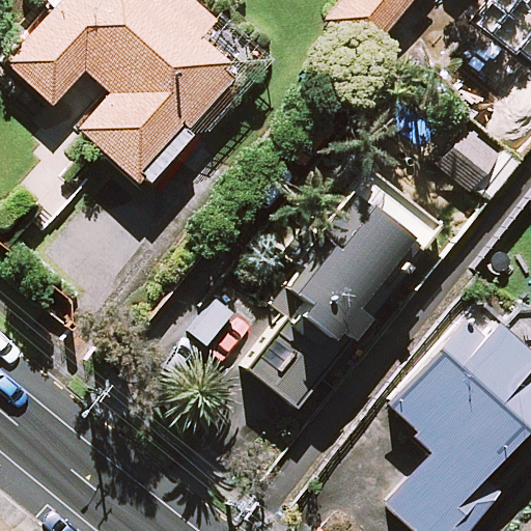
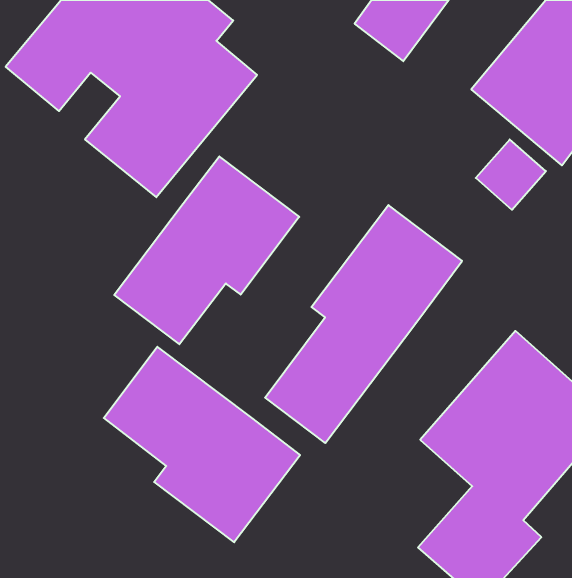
building: none -> [114,156,299,344]
building: none -> [104,347,300,542]

